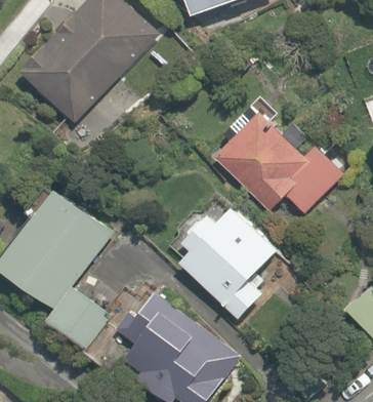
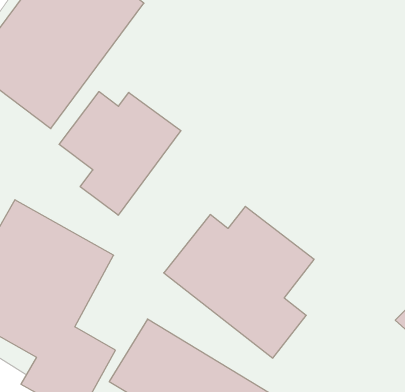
building: [212,91,346,213] -> none
building: none -> [59,92,181,215]

